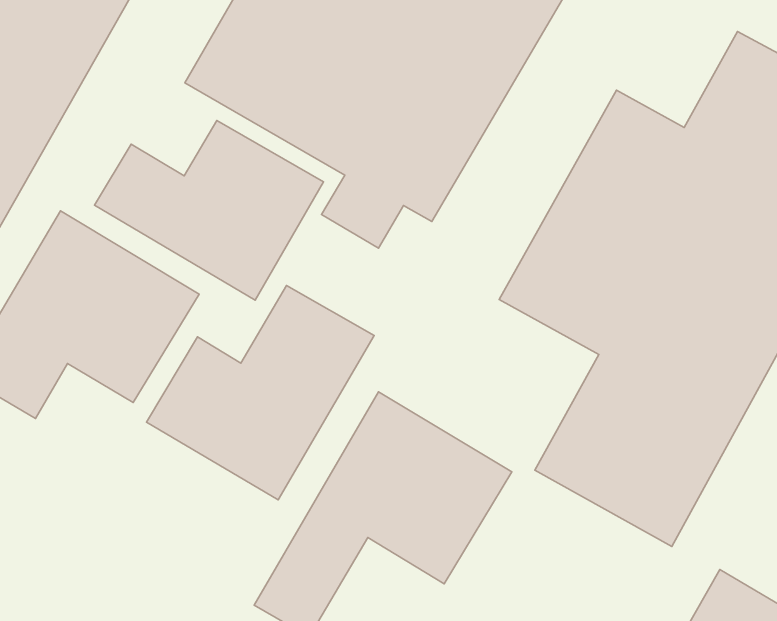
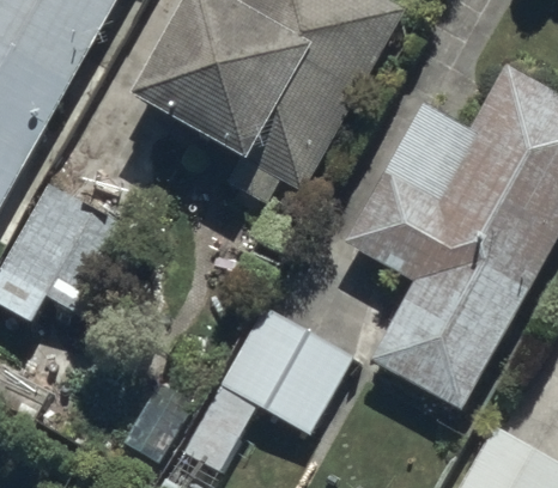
building: [94,120,323,300] -> none
building: [146,285,374,500] -> none

